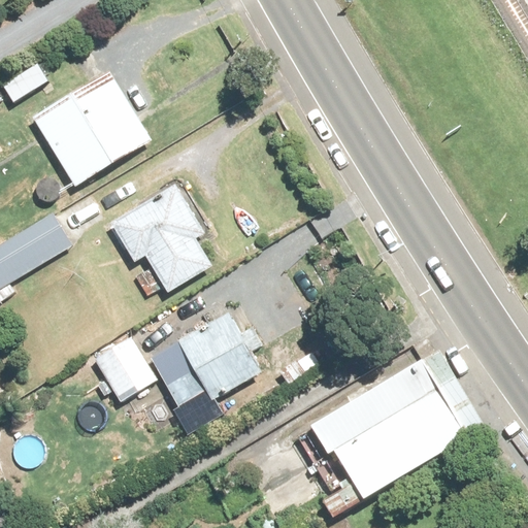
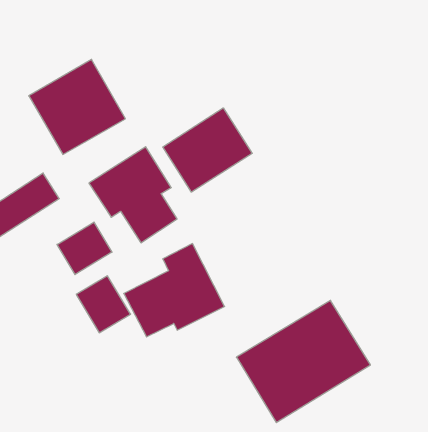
building: none -> [163,108,252,192]
building: none -> [57,222,112,275]

